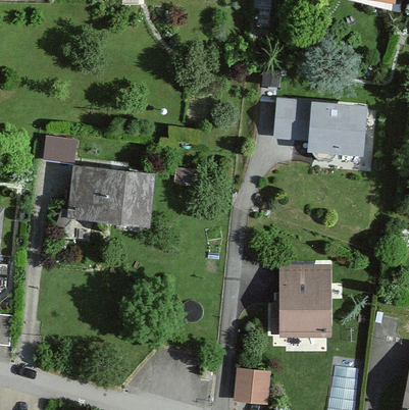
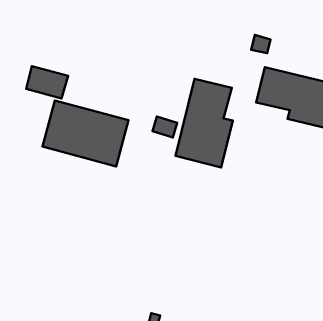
building: none -> [176,79,233,168]
building: [272,264,330,336] -> none

